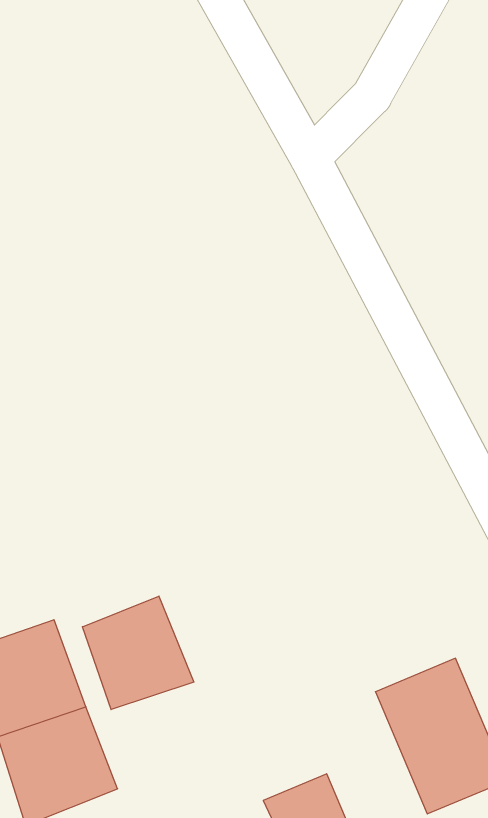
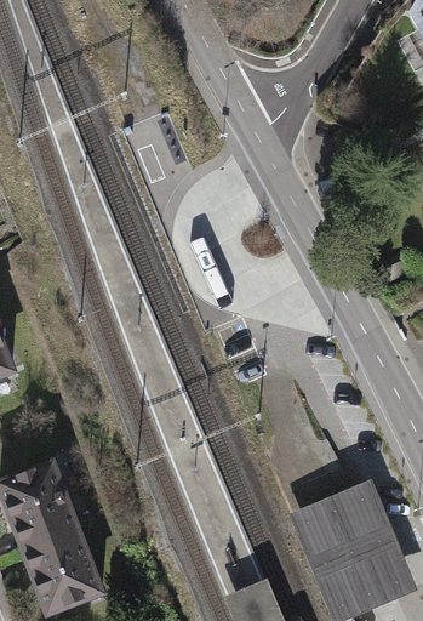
building: [82,596,194,710] -> none

